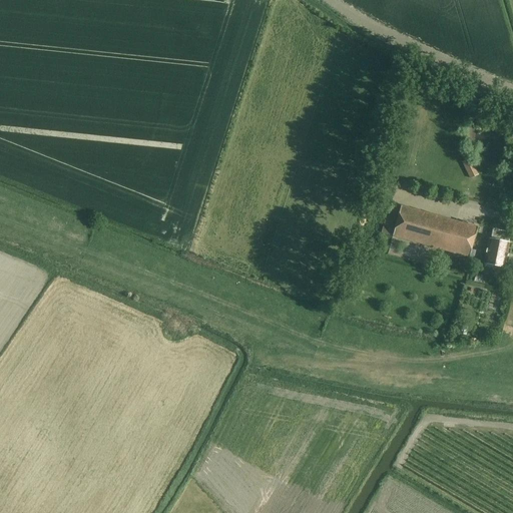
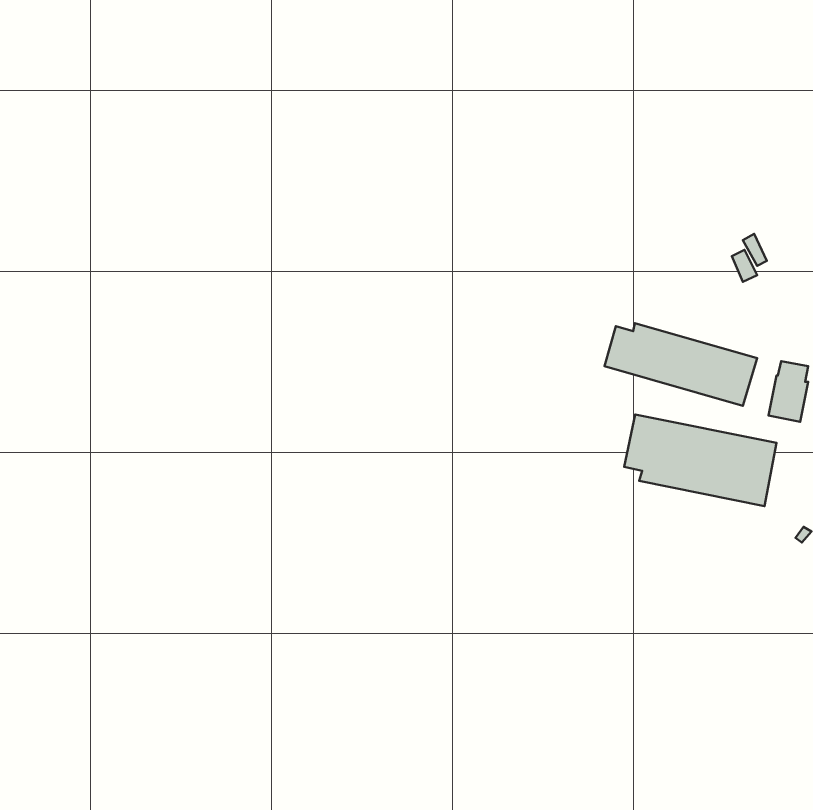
building: none -> [624,415,777,506]

